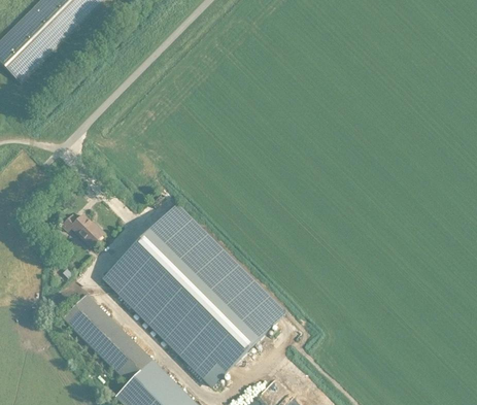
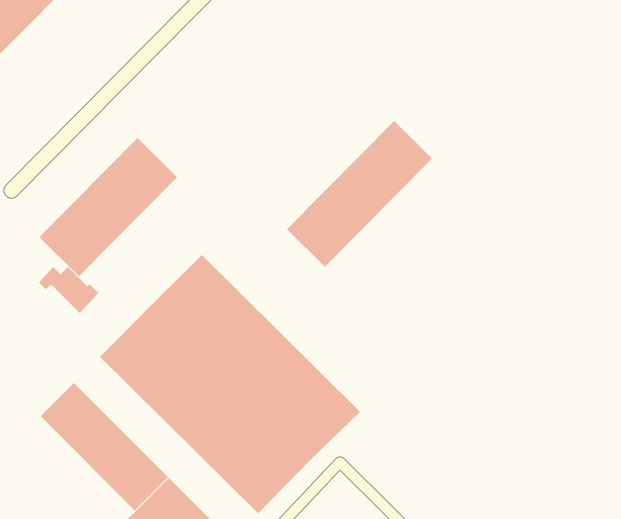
building: none -> [286,120,433,268]
building: none -> [39,137,178,277]

